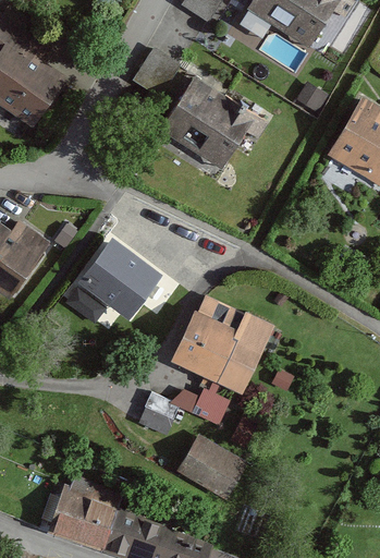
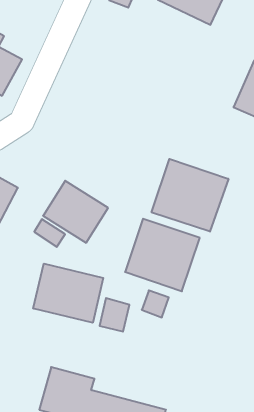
building: [132,48,256,170] -> none
building: none -> [152,159,228,232]
building: none -> [33,264,103,323]
building: [179,437,246,498] -> none

